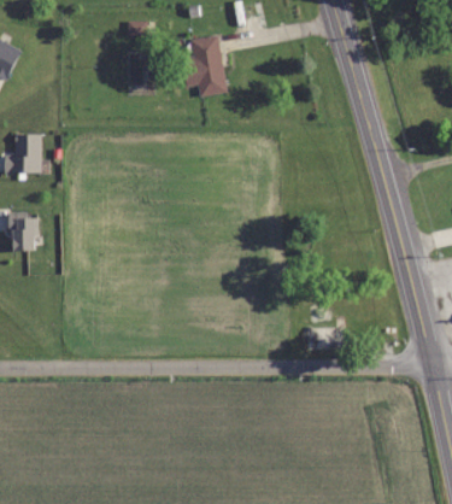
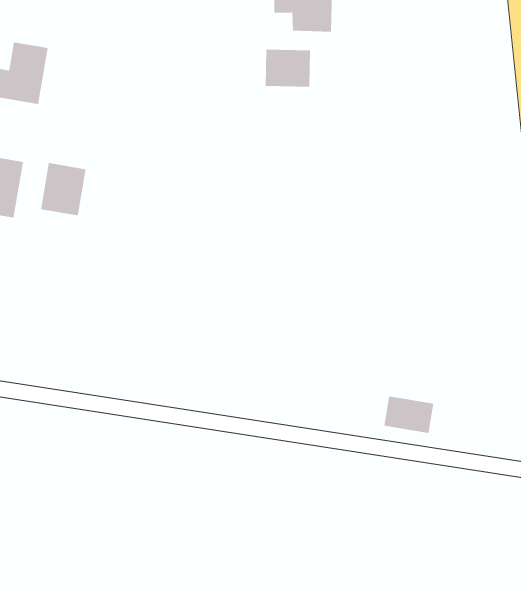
building: none -> [265,49,311,88]
building: none -> [40,162,86,216]

